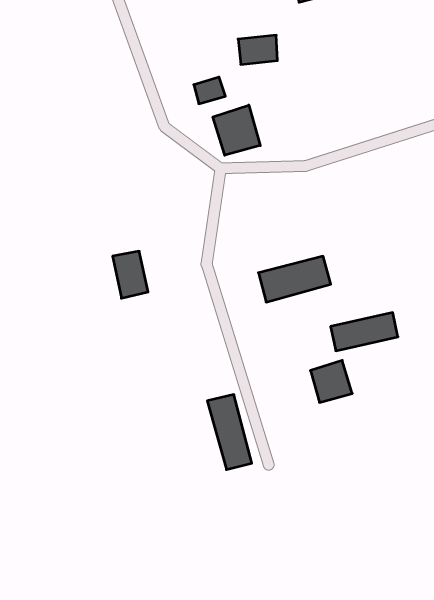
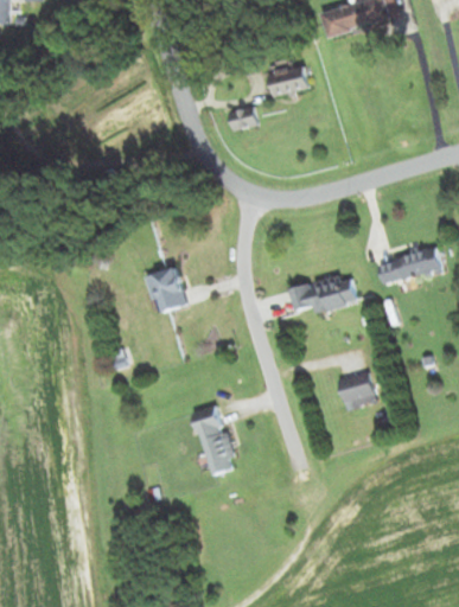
building: [213,105,260,155] -> none
building: [331,313,398,351] -> [377,248,440,283]
building: [207,395,252,470] -> [192,405,234,475]

